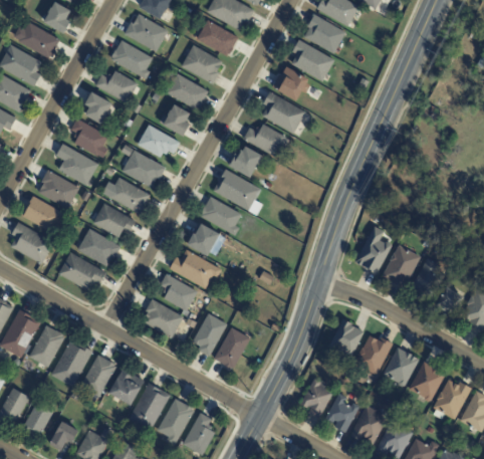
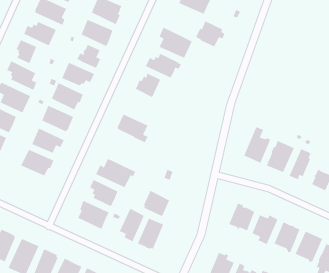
building: [272,67,310,102] -> [195,20,225,48]
building: [213,171,263,217] -> none
building: [188,223,220,255] -> none
building: [58,252,105,290] -> none
building: none -> [143,190,170,217]

